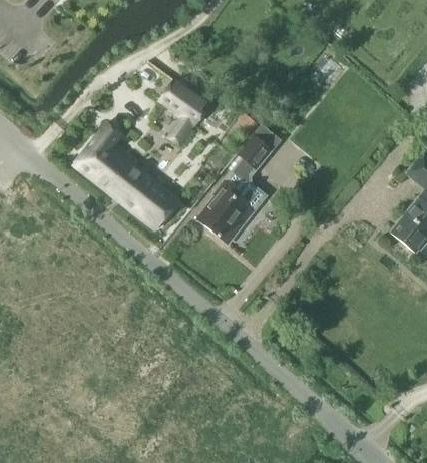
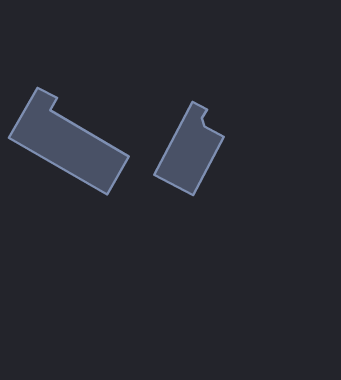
building: [160,79,214,141] -> none
building: [236,121,279,167] -> none

